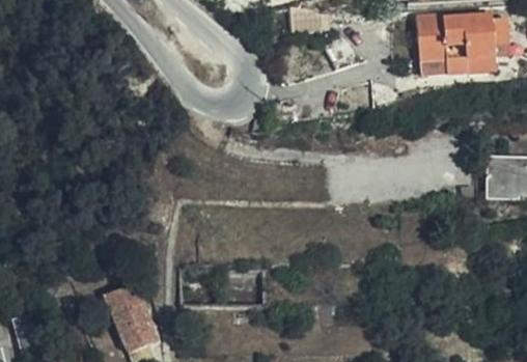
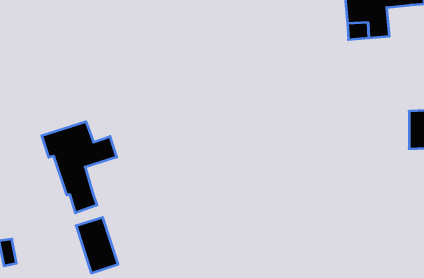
building: [467,41,498,78] -> none
building: none -> [42,122,117,213]

